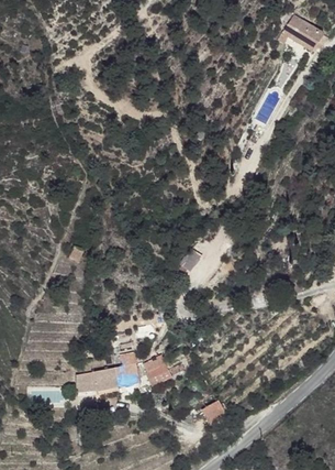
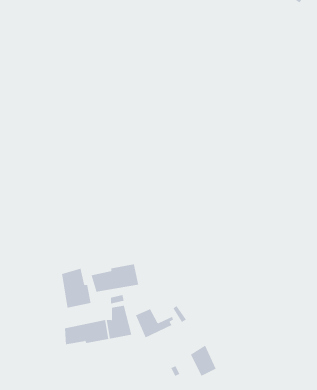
building: none -> [91,263,139,292]
building: none -> [62,268,91,309]

